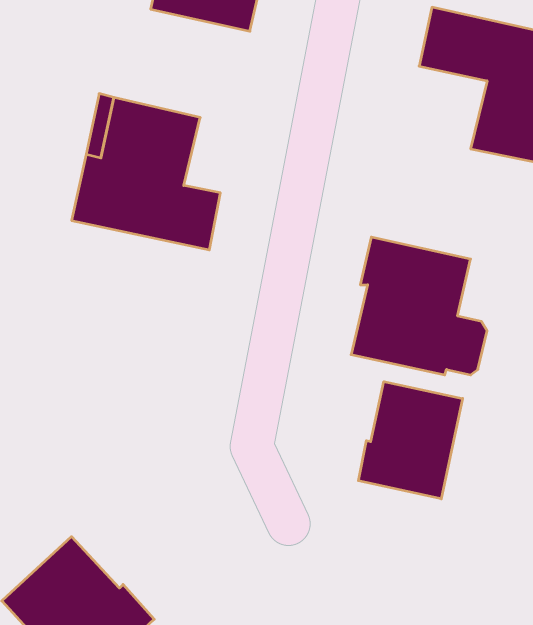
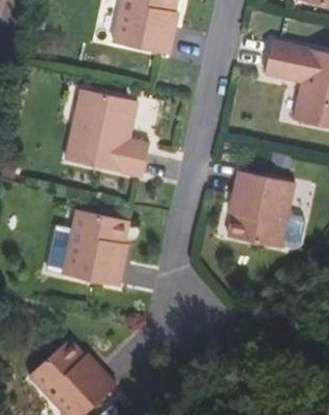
building: none -> [49,211,131,287]
building: [358,382,463,499] -> none

